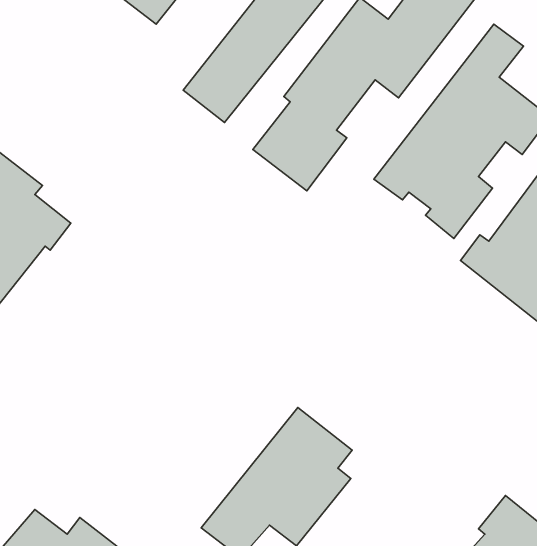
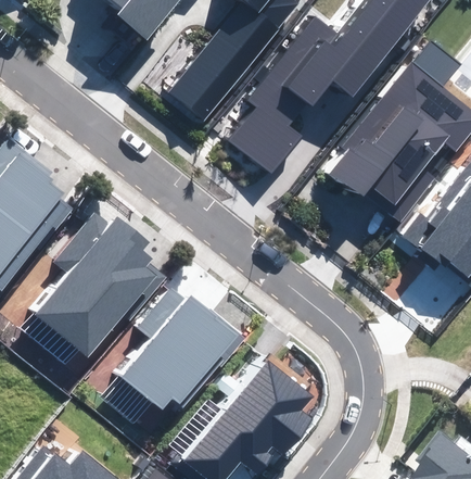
building: none -> [38,213,164,357]
building: none -> [124,288,243,408]

